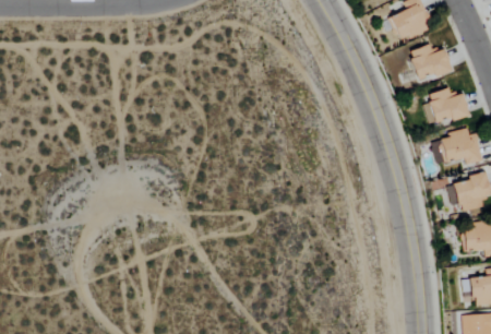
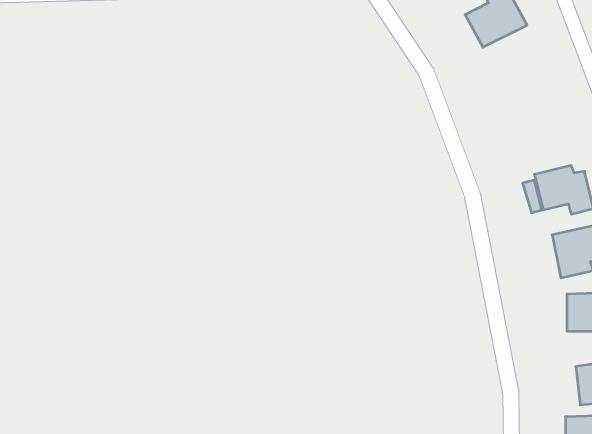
building: [408,45,452,82] -> none
building: [423,88,470,128] -> none

